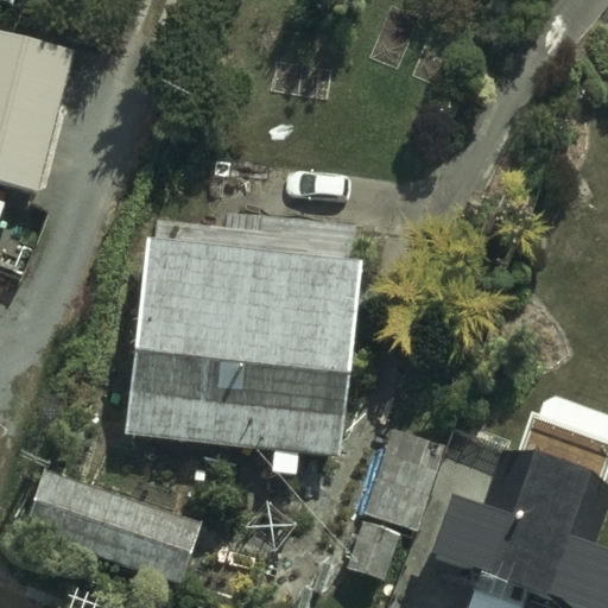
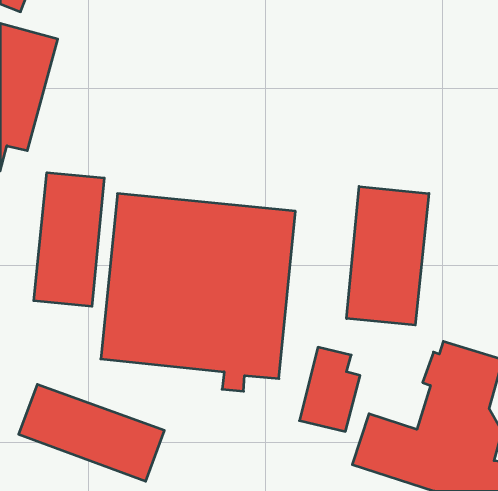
building: none -> [34,173,104,306]
building: none -> [347,186,429,325]

